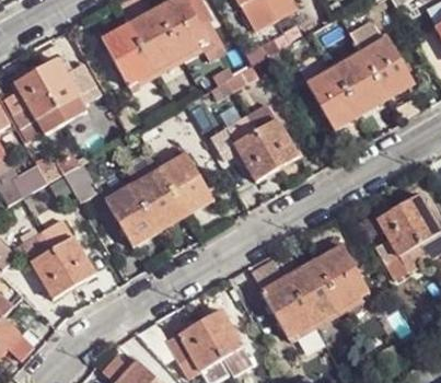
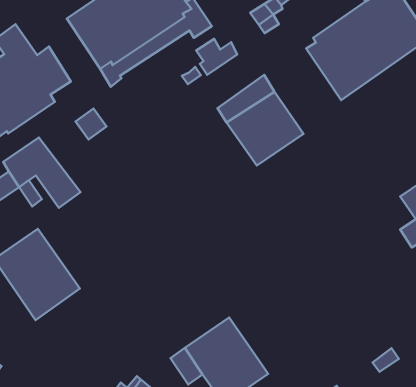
building: [105,150,213,244] -> none
building: [262,244,368,338] -> none

